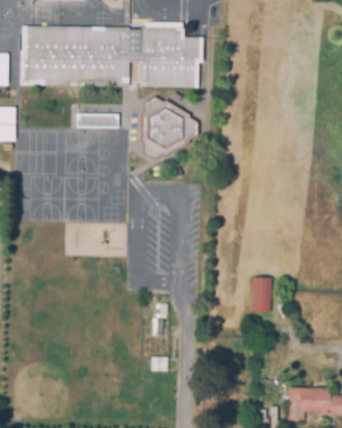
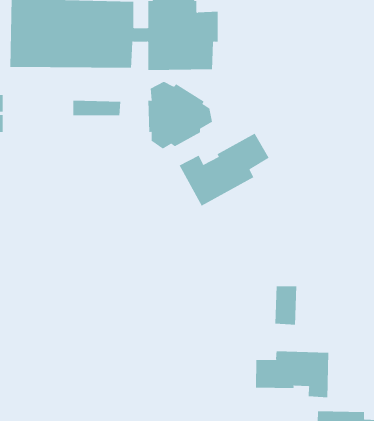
building: none -> [179,133,270,206]
building: none -> [256,351,329,398]

